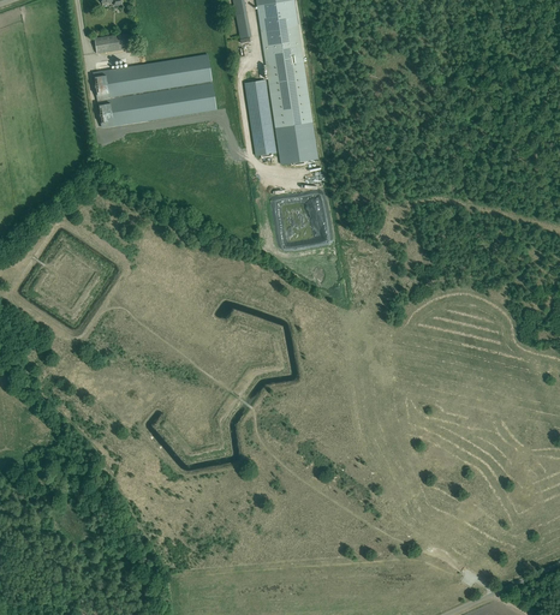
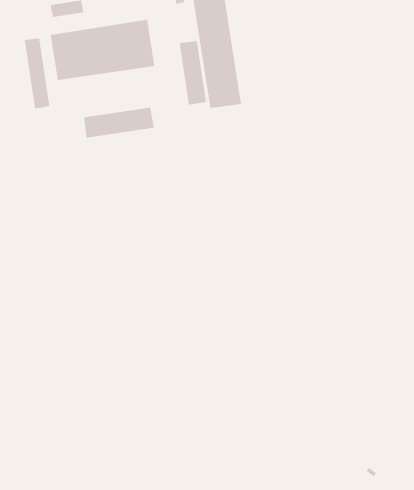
building: none -> [24,37,50,110]
building: none -> [83,107,155,139]

